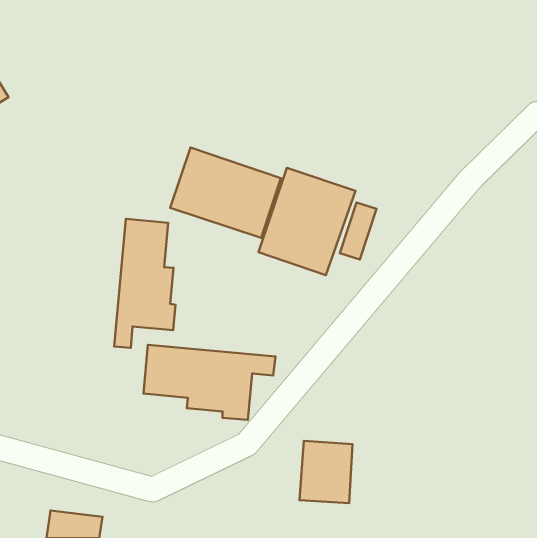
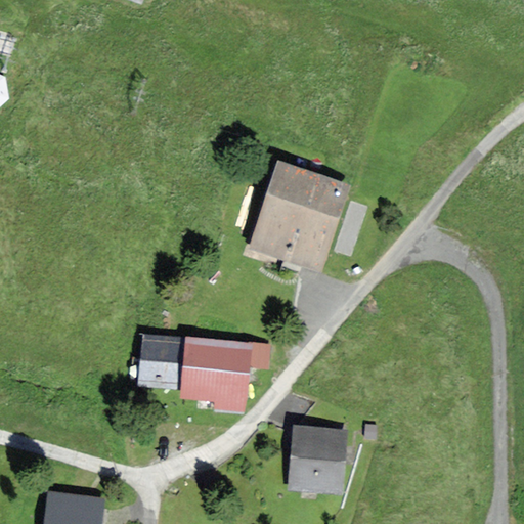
building: [170,147,281,238] -> none
building: [114,219,175,348] -> none

